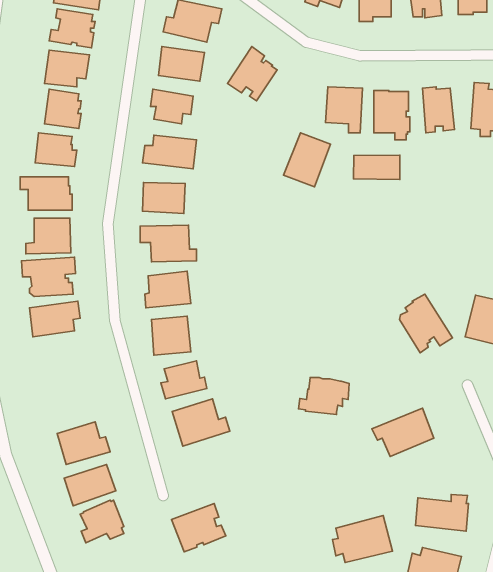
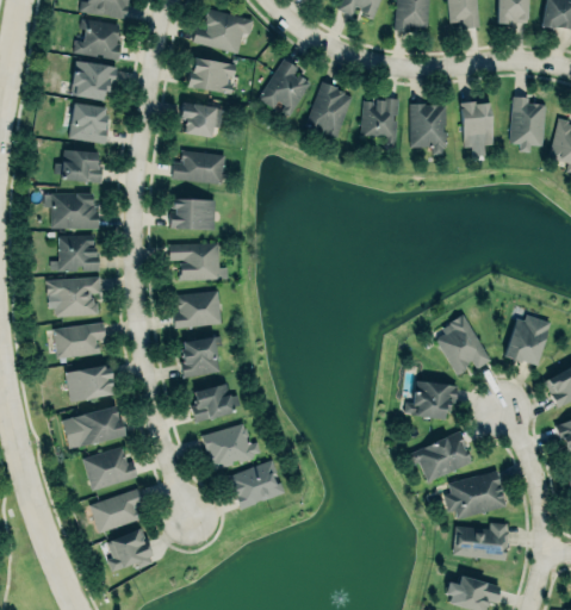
building: [283,133,331,187] -> [304,83,353,139]
building: [354,155,400,180] -> none
building: none -> [64,366,113,403]
building: [299,378,349,414] -> [404,380,457,418]
building: none -> [62,407,123,449]
building: [172,503,226,552] -> [229,459,285,509]
building: [332,515,392,563] -> [445,469,507,518]

